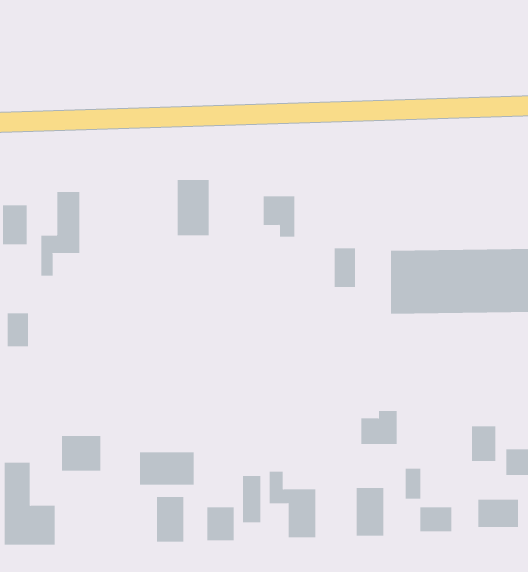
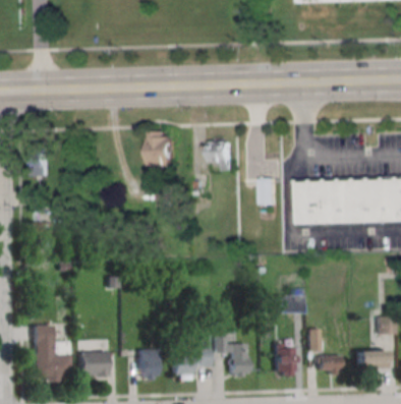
building: [41,191,80,277] -> none
building: [472,426,496,462] -> none
building: [61,436,101,471] -> [80,352,108,377]
building: [139,451,194,486] -> none

